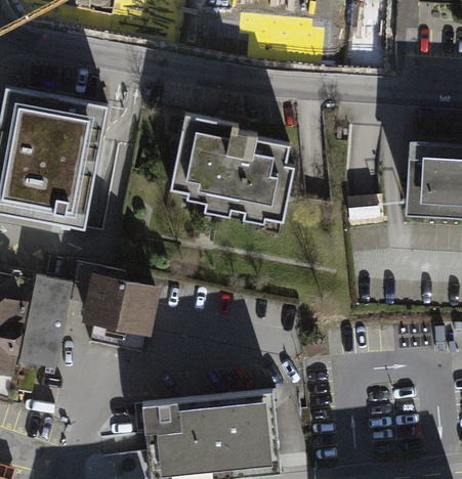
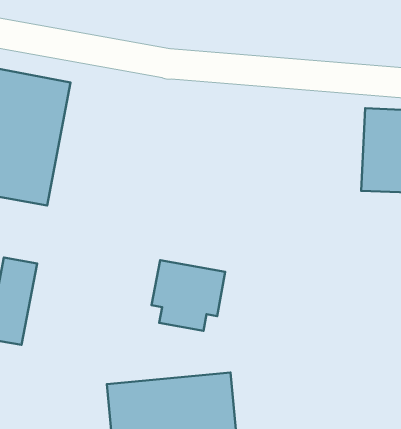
building: [169,116,298,221] -> none
building: [84,277,161,351] -> [151,260,225,331]

